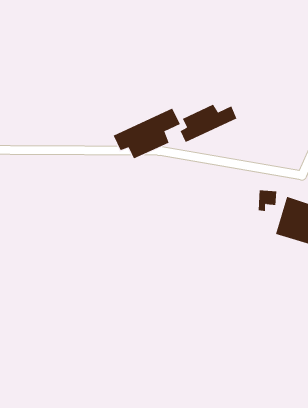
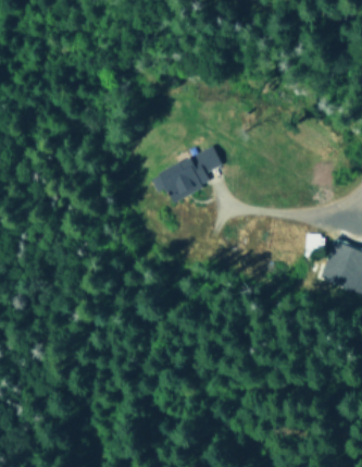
building: [180,104,237,143] -> none

